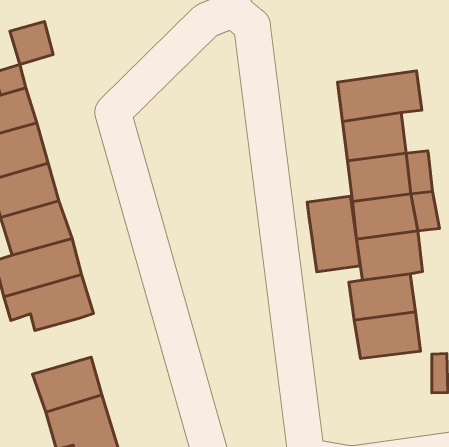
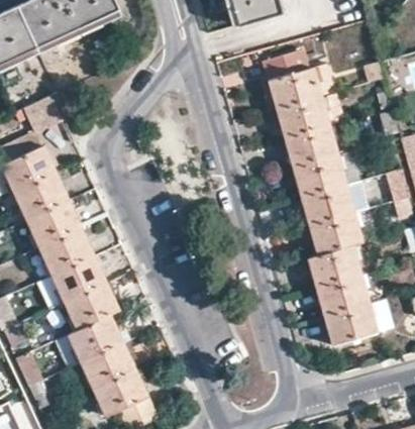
building: none -> [266,50,336,109]
building: [307,196,360,272] -> none
building: none -> [67,316,121,363]
building: none -> [325,304,377,345]

